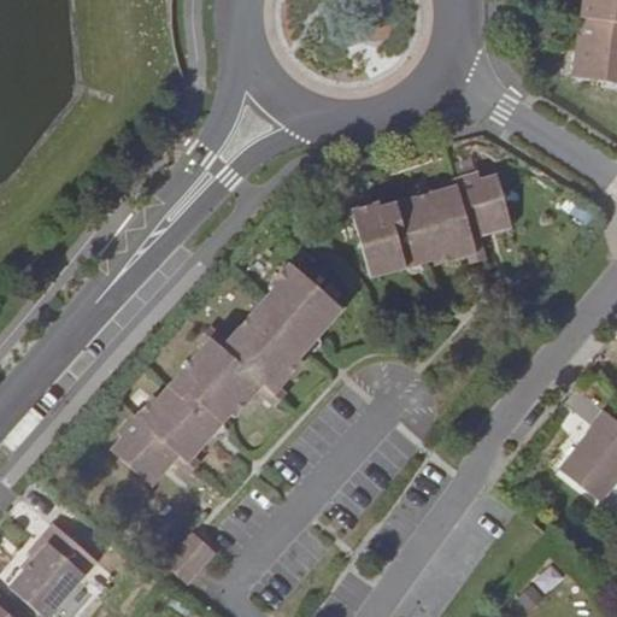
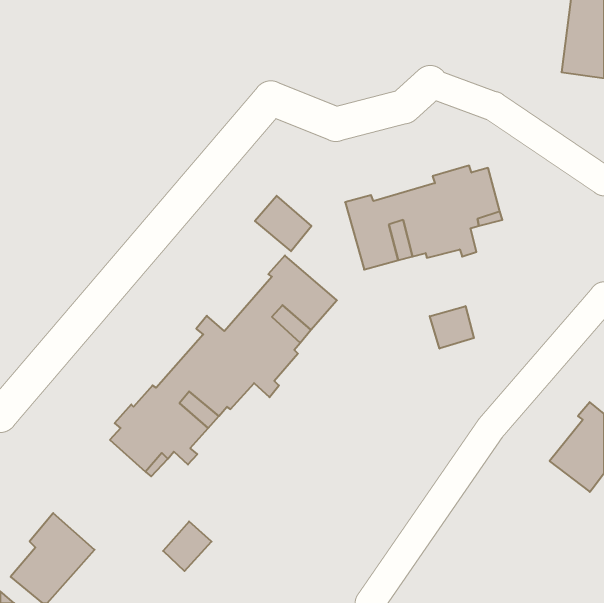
building: none -> [255,196,311,251]
building: none -> [430,306,474,349]

